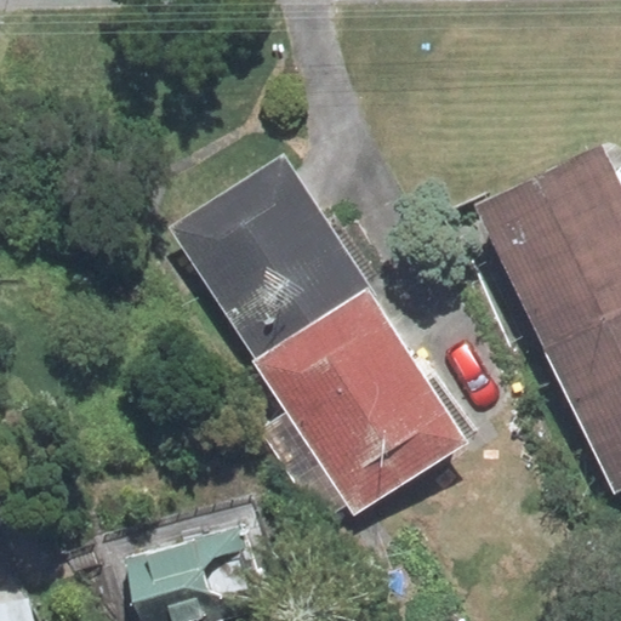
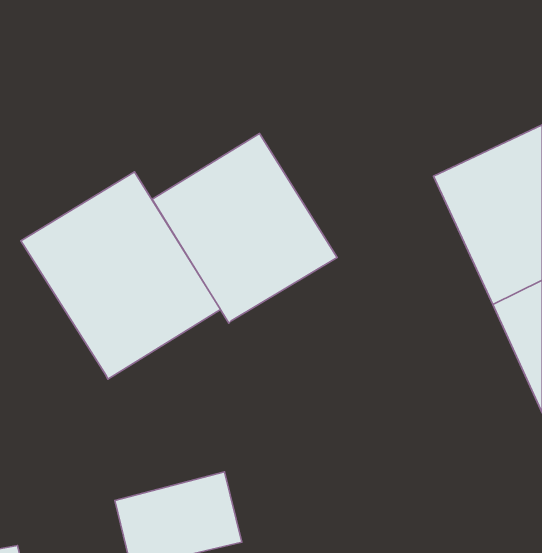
building: none -> [21,172,220,379]
building: [256,289,473,514] -> none

